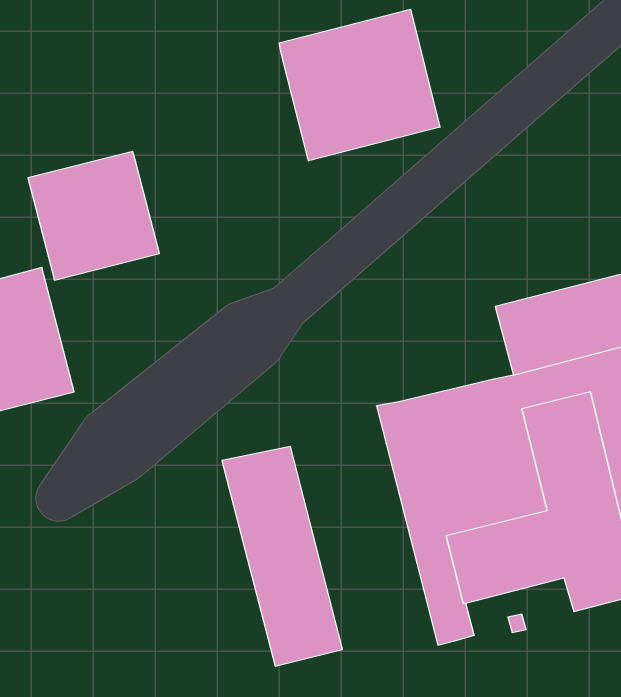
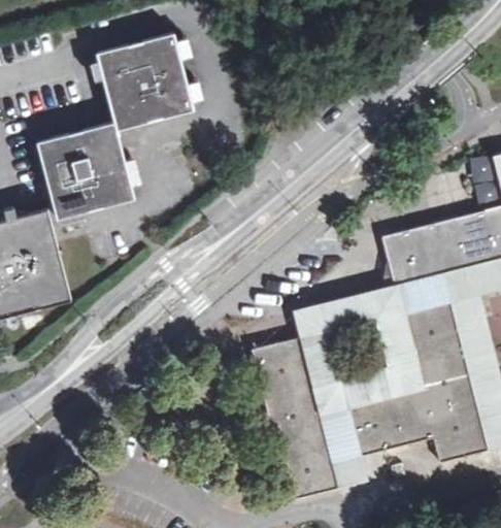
building: [279,9,440,161] -> none
building: none -> [98,32,194,130]
building: [222,447,342,666] -> [250,338,339,500]

